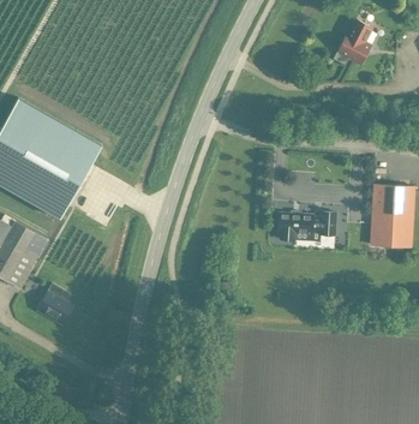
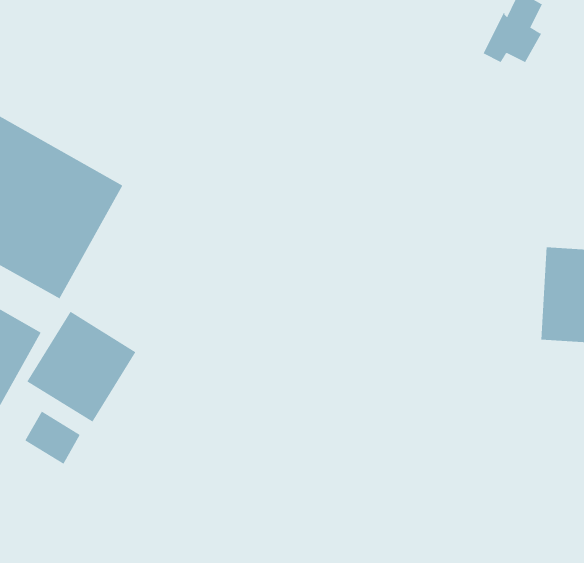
building: [277,213,335,241] -> none
building: none -> [26,311,136,423]

